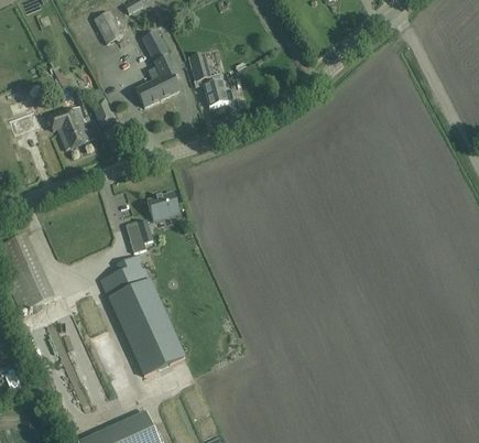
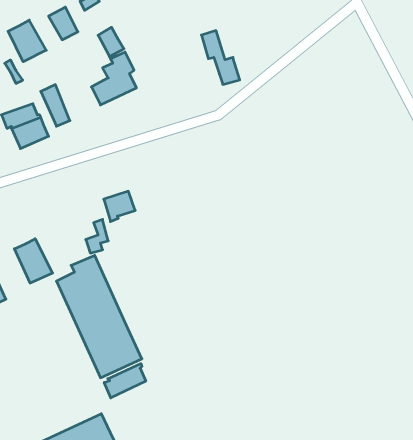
building: none -> [8,20,46,62]
building: [189,53,227,106] -> [201,31,240,84]
building: none -> [14,239,53,283]
building: none -> [104,364,146,398]

